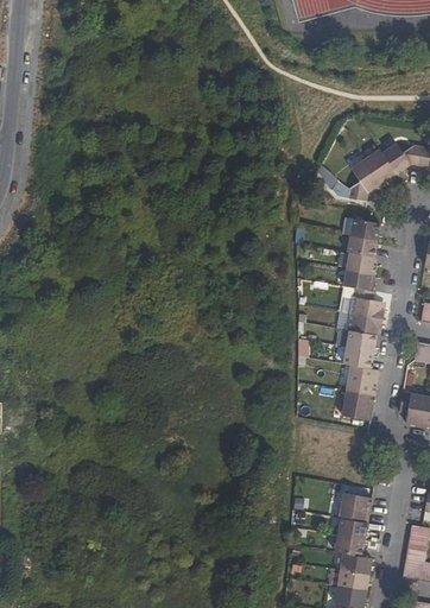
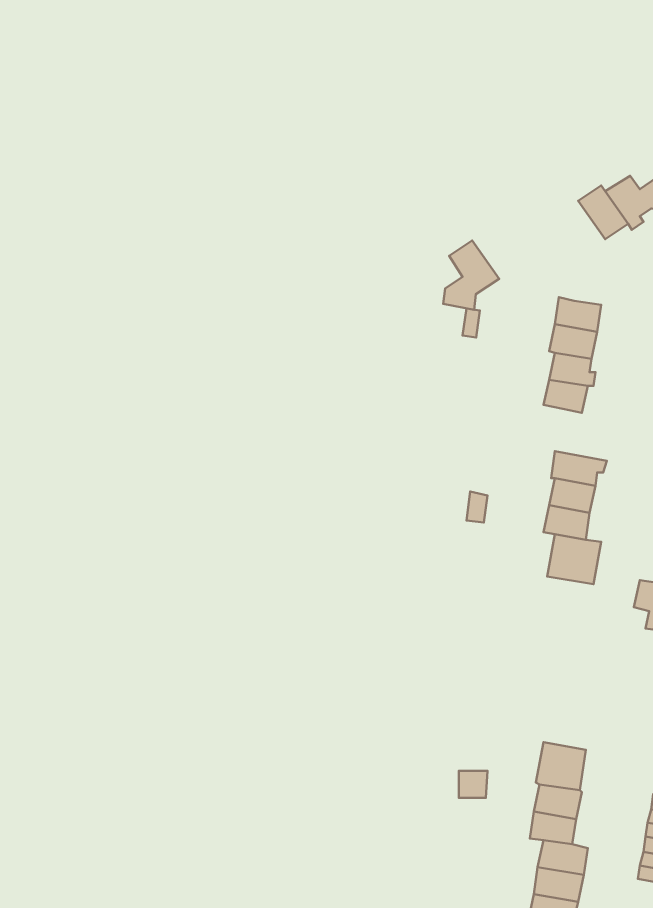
building: [347,158,381,201] -> [443,240,499,310]
building: [350,286,384,318] -> none
building: [341,390,374,419] -> none

